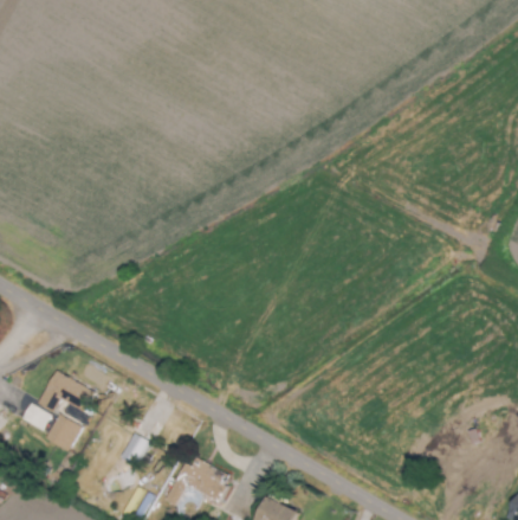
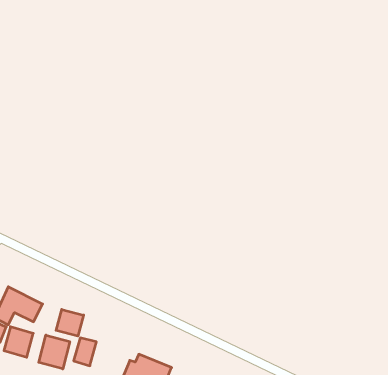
building: none -> [56,309,84,336]
building: none -> [39,335,70,369]

